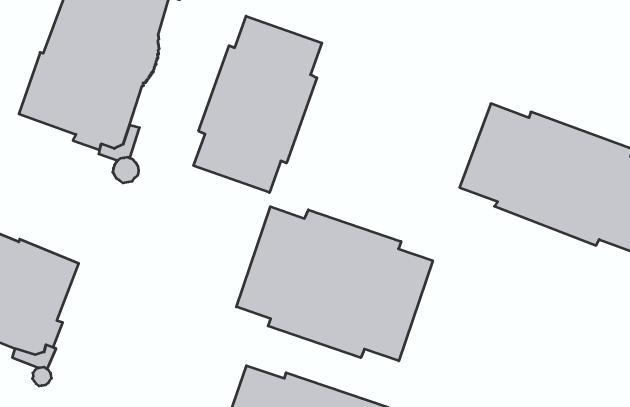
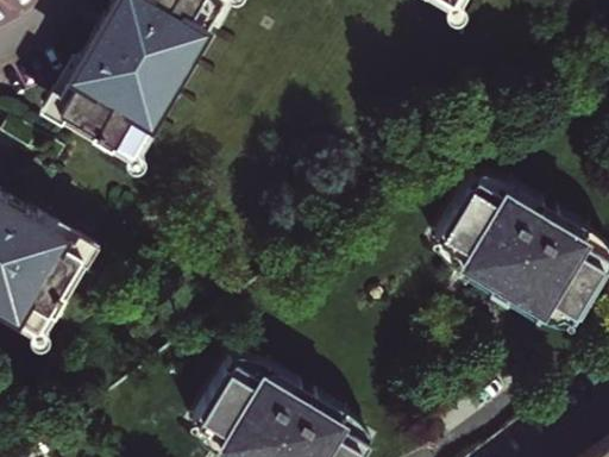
building: [194,16,322,193] -> none
building: [236,207,433,361] -> none

